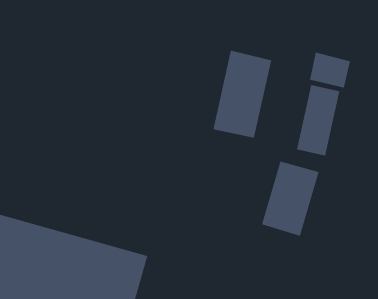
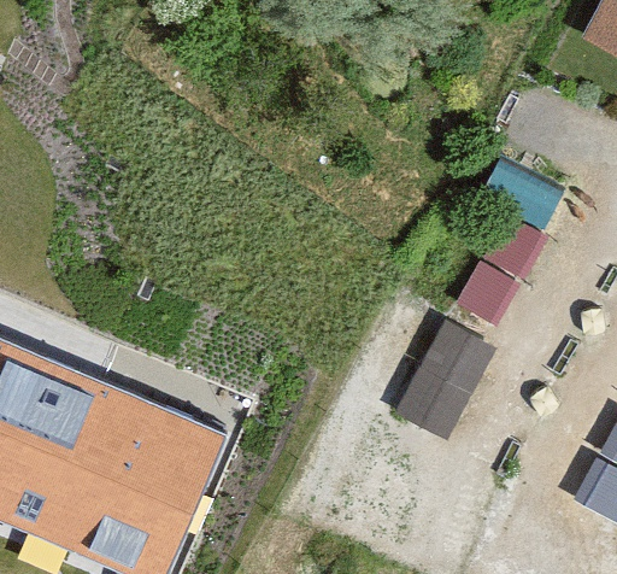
building: [213,50,272,138] -> none

